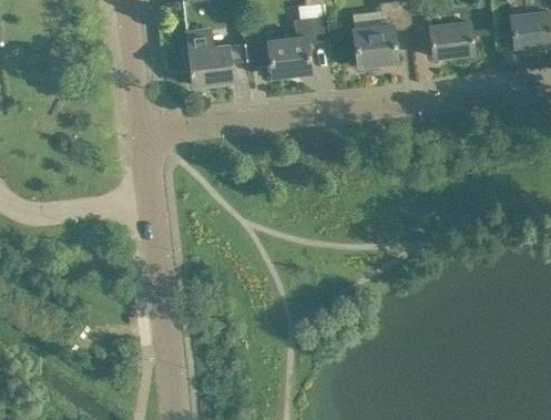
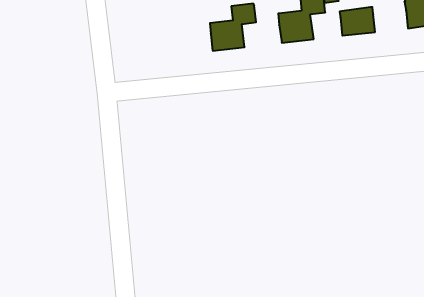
building: [183,28,247,85] -> none

